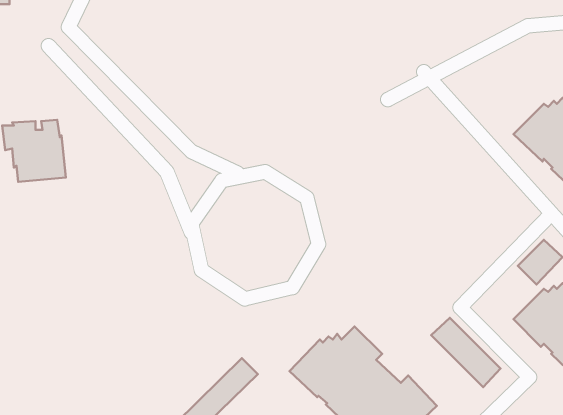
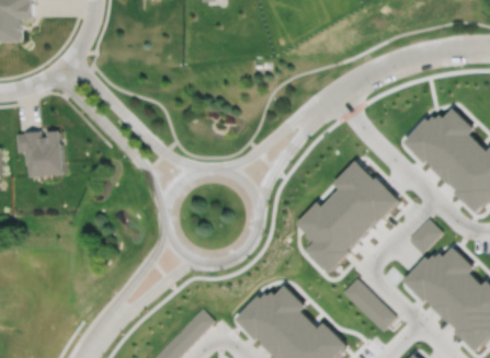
building: none -> [296,159,400,272]

